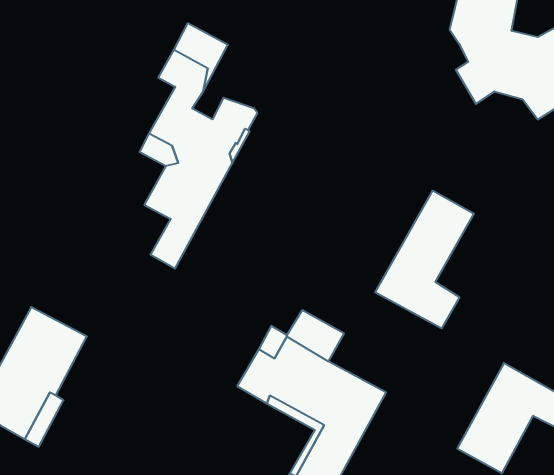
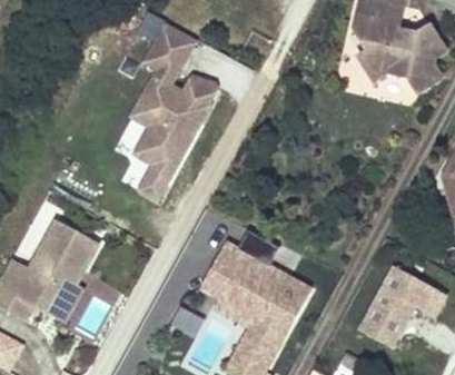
building: [375,191,474,328] -> none

